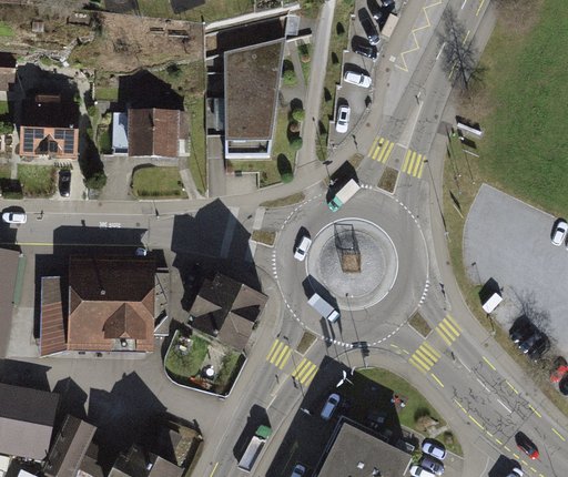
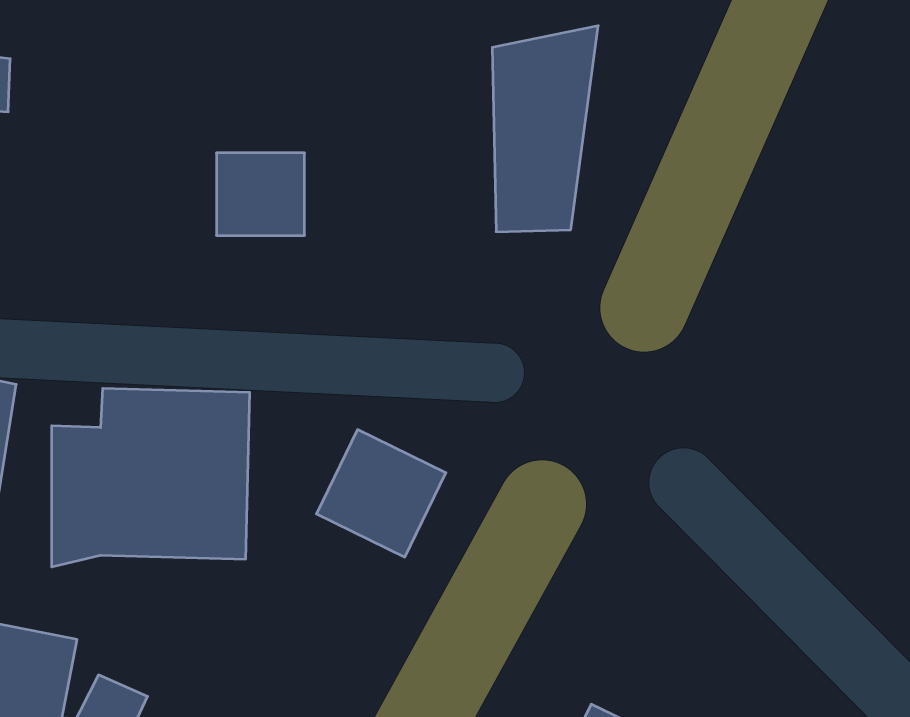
building: [222,41,282,158] -> [492,26,598,232]
building: [22,101,80,165] -> none

